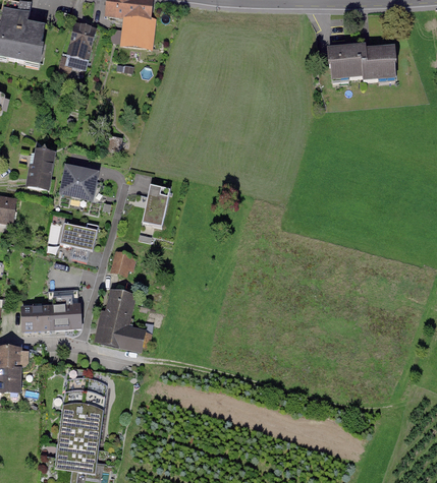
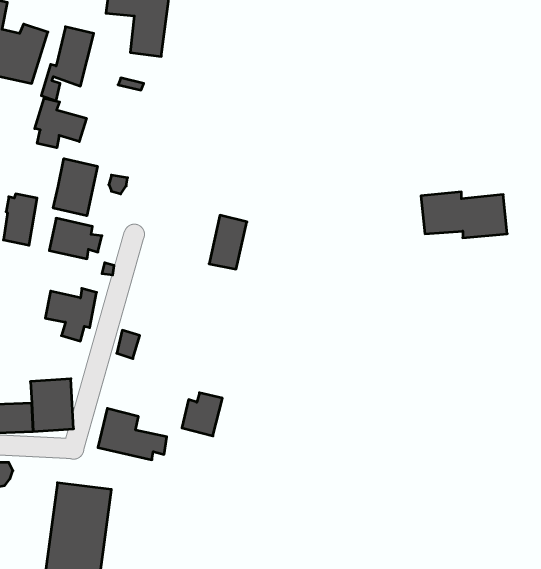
building: [330,49,395,83] -> [421,192,507,238]
building: none -> [35,98,86,148]
building: none -> [53,159,97,216]
building: [141,185,169,226] -> [209,215,247,269]
building: [105,285,135,317] -> [182,393,222,436]

